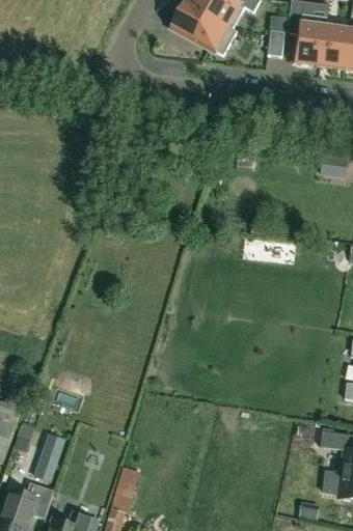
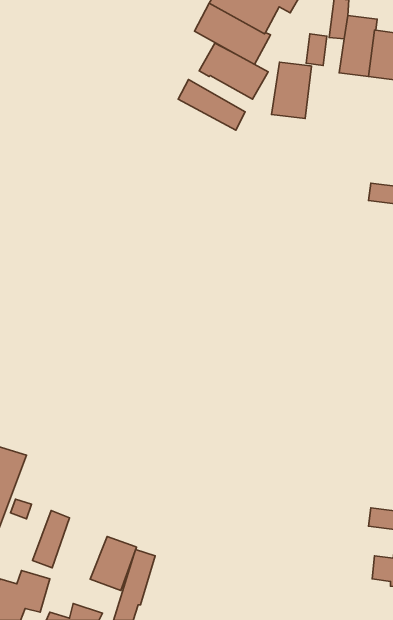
building: none -> [199,43,268,99]
building: none -> [272,62,312,119]
building: none -> [178,80,245,130]
building: none -> [90,537,136,591]

